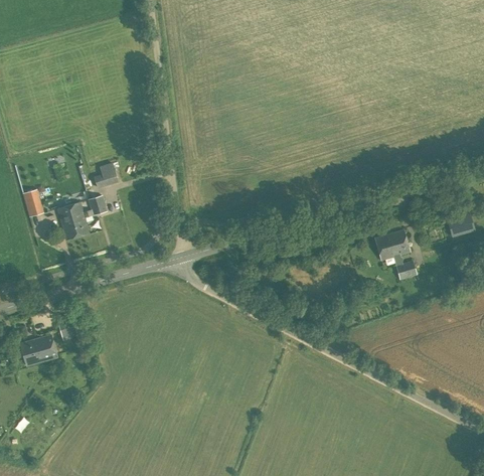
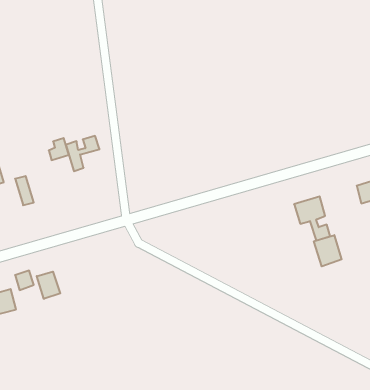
building: [68,195,107,235] -> [66,136,100,171]
building: none -> [314,235,342,266]
building: none -> [37,272,60,299]

